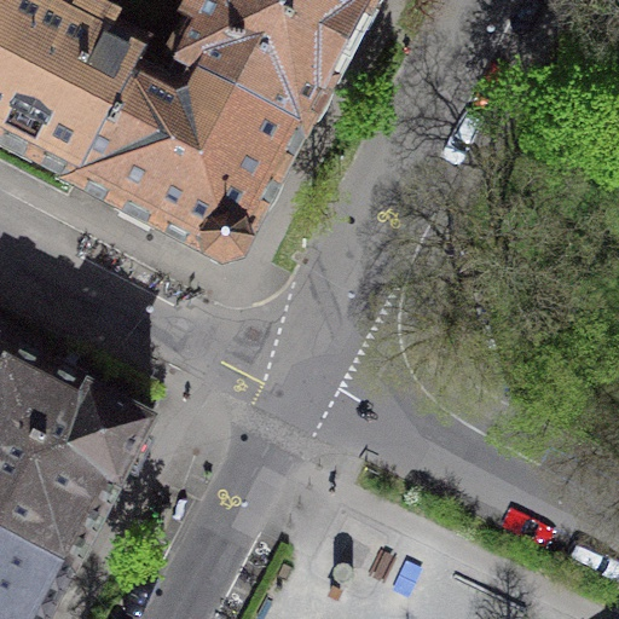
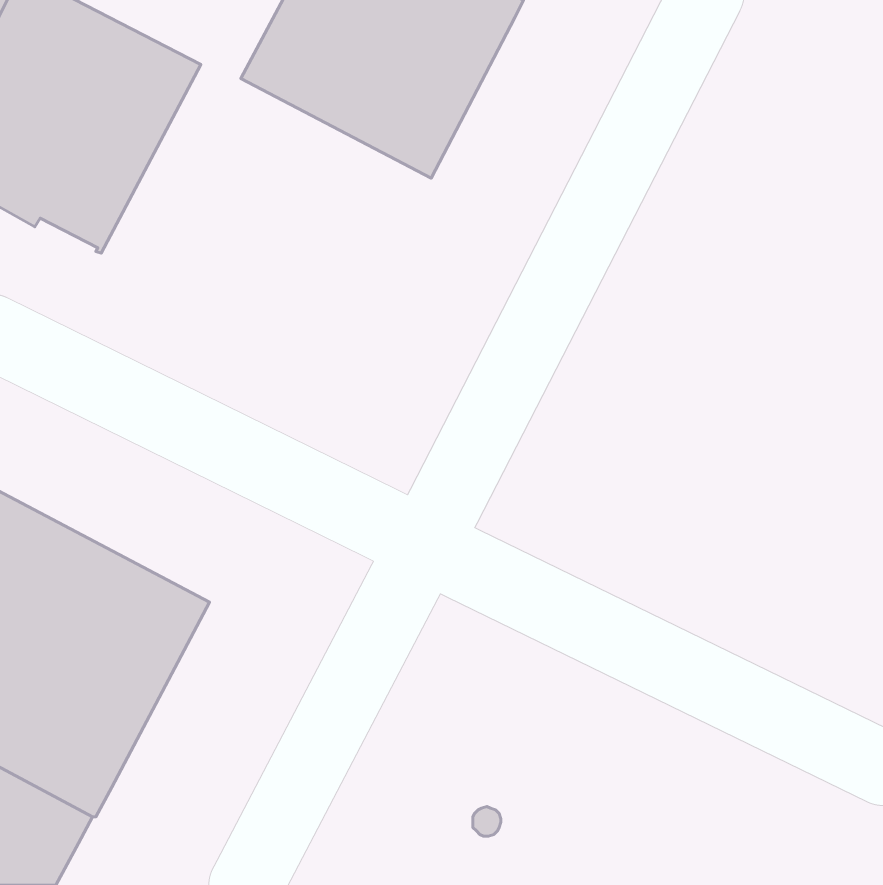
building: [70,45,302,261] -> none

